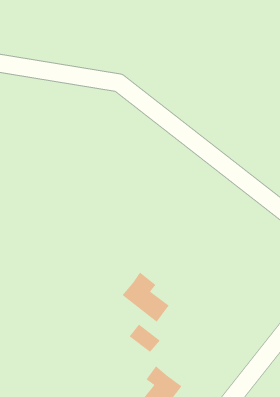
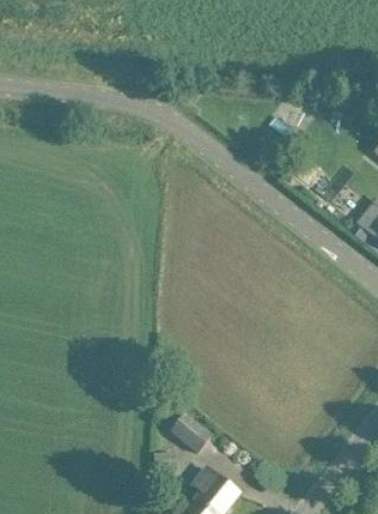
building: [122,271,170,323] -> none

